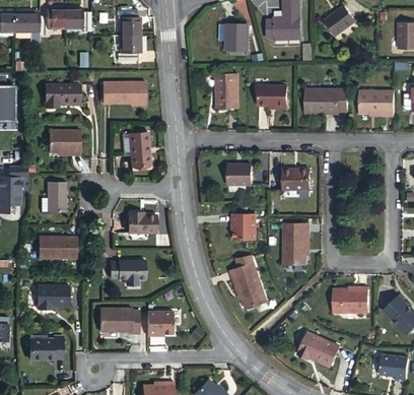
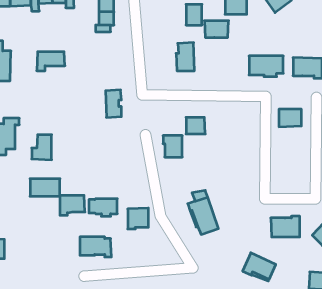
building: [259,83,288,104] -> [204,21,229,37]
building: [99,85,143,106] -> none
building: [48,133,79,158] -> none
building: [283,168,310,189] -> [279,109,301,127]
building: [232,212,256,239] -> [163,136,182,157]
building: [127,214,155,235] -> none
building: [284,221,310,263] -> none
building: [38,286,68,311] -> [60,195,85,215]
building: [144,313,169,338] -> [128,208,148,229]
building: [30,337,62,359] -> none

